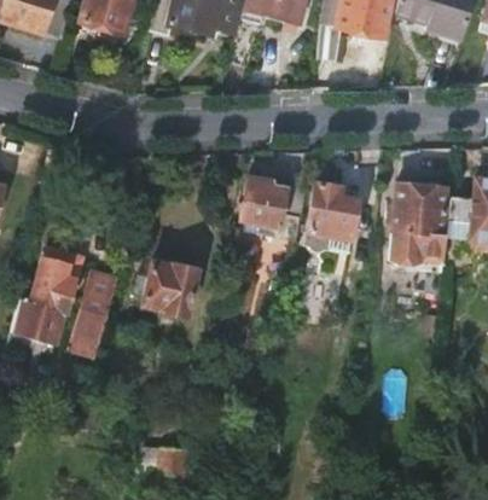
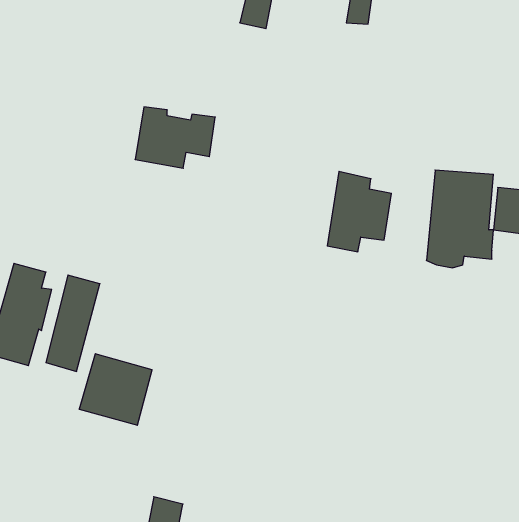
building: [238,179,304,229] -> [135,107,215,168]
building: [132,269,192,329] -> [79,354,152,425]

